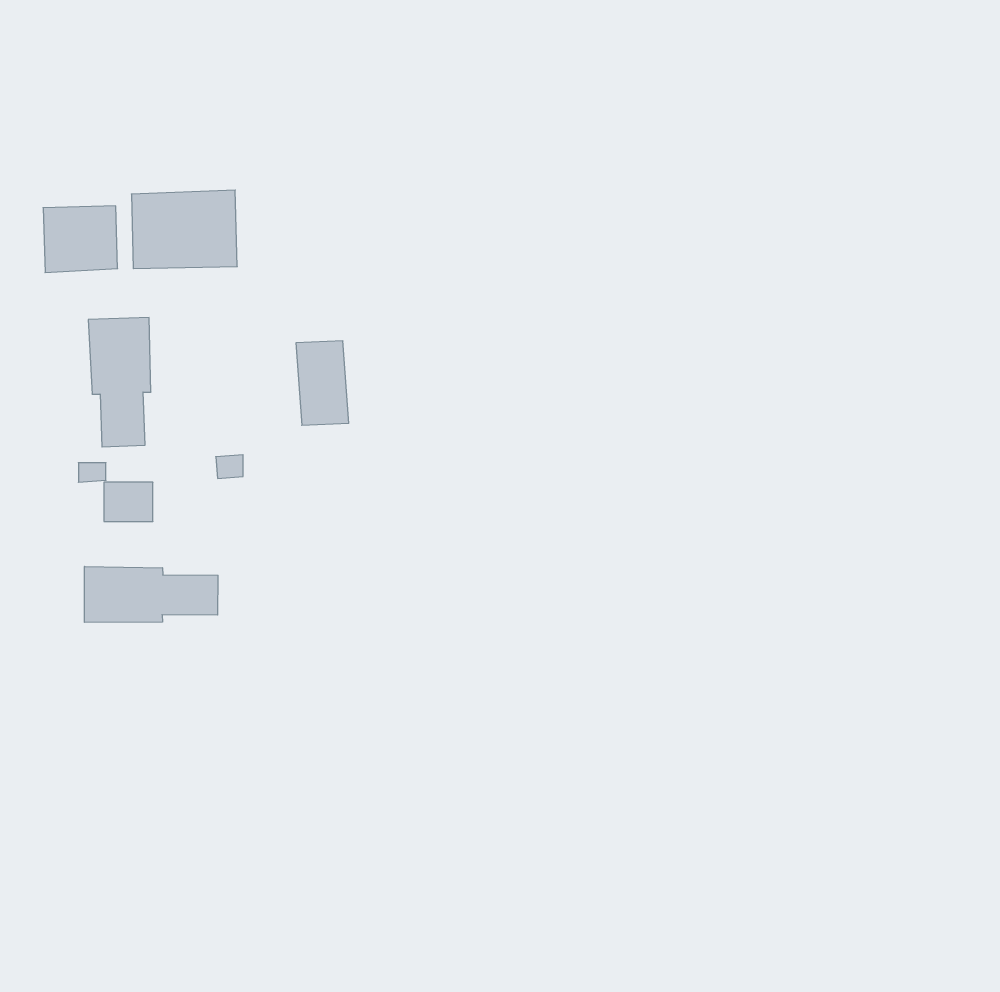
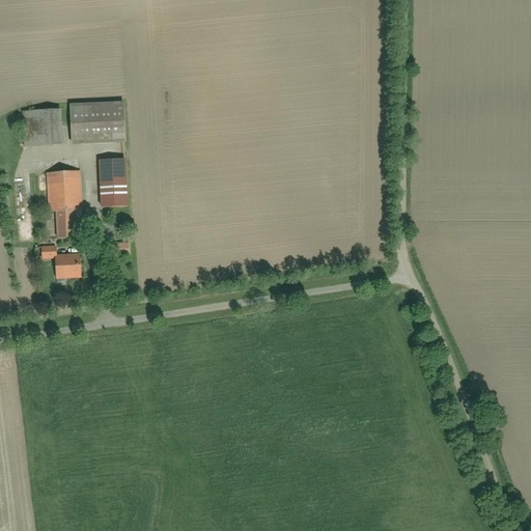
building: [296,341,349,425] -> [101,159,129,203]
building: [85,566,218,622] -> none

